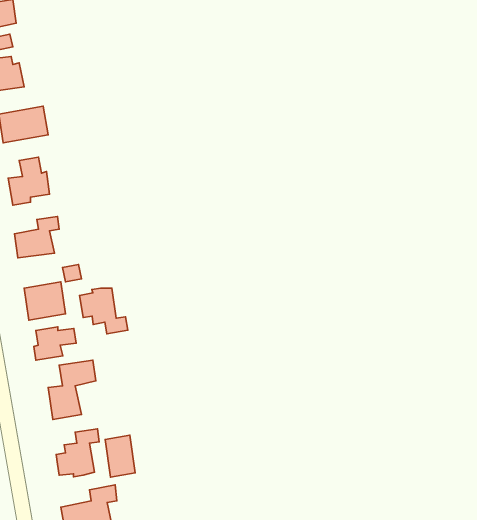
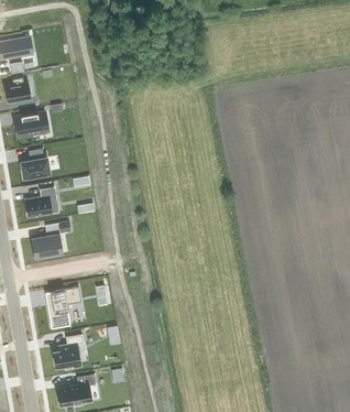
building: [79,288,128,334] -> none
building: [34,327,76,360] -> none
building: [105,435,135,477] -> none

